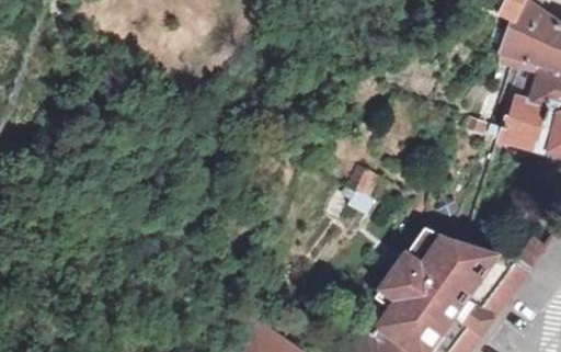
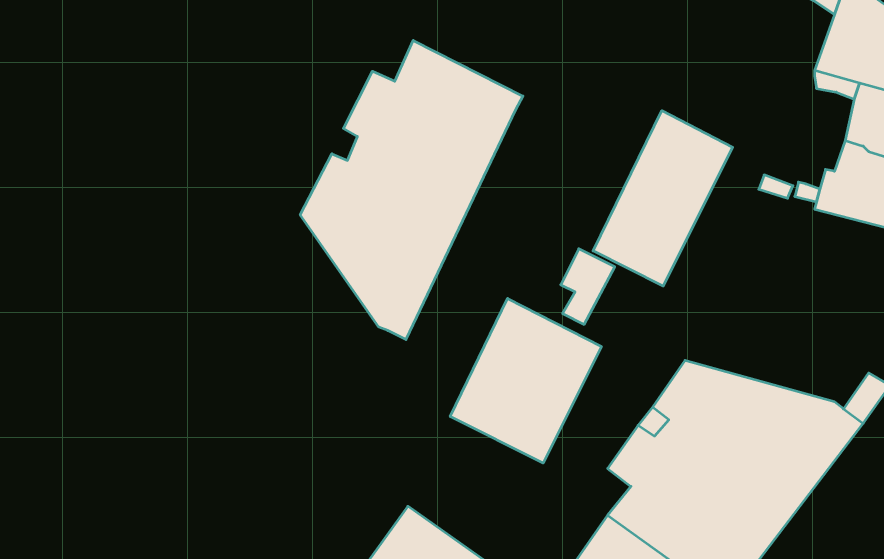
building: none -> [300,40,523,340]
building: none -> [593,111,733,286]
building: none -> [450,298,601,463]

